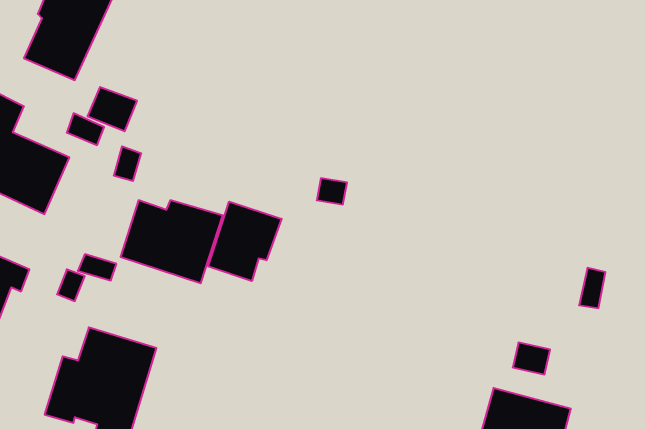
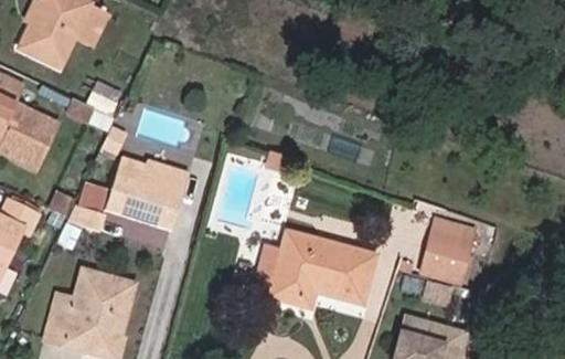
building: [208,202,282,281] -> none
building: none -> [269,229,372,303]
building: none -> [418,230,468,278]

